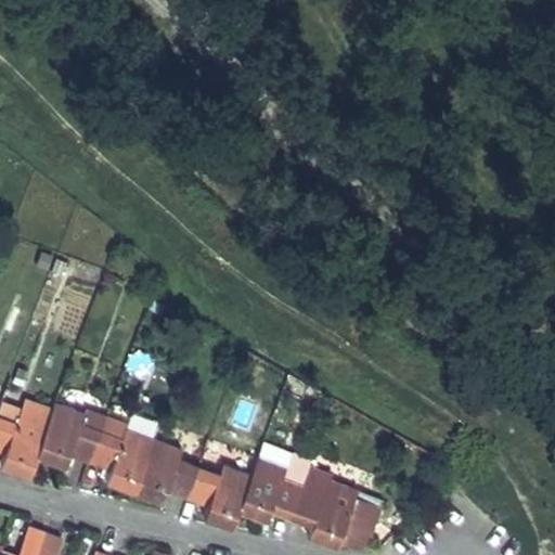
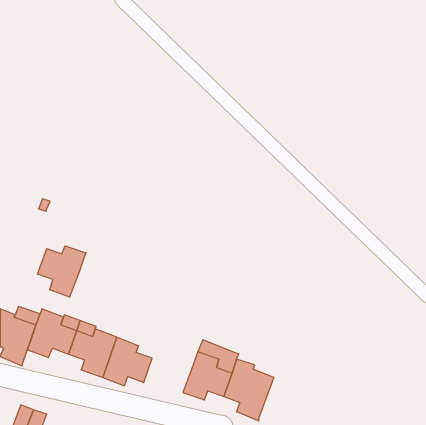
building: none -> [38,246,86,297]
building: [188,466,251,529] -> none
building: [337,499,379,547] -> none

